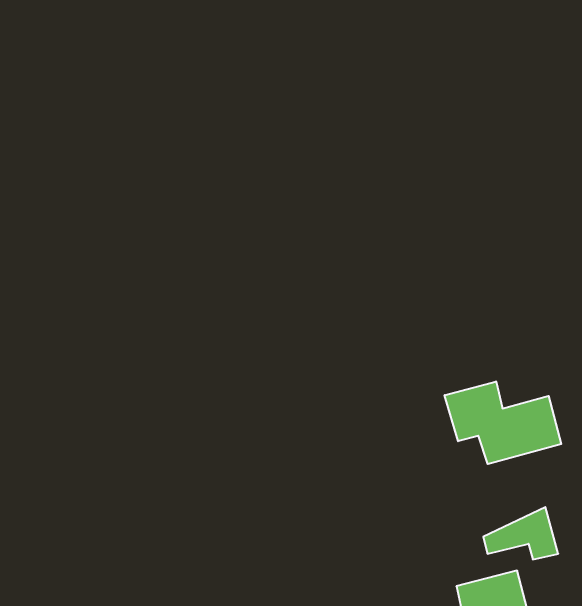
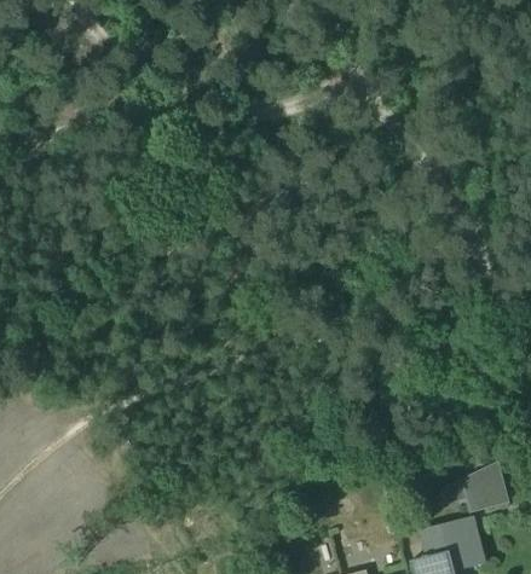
building: [445,381,561,464] -> none

